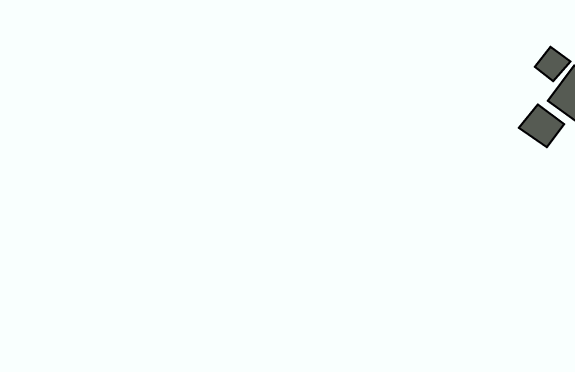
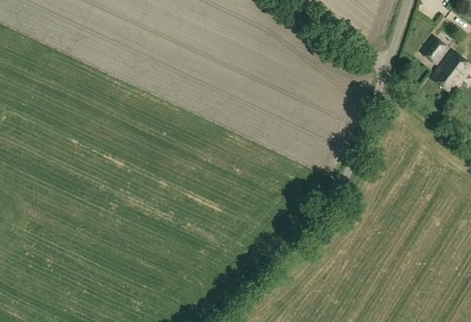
building: [519,105,564,147] -> none

